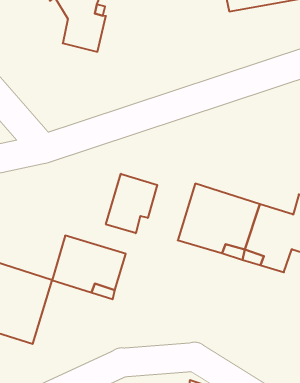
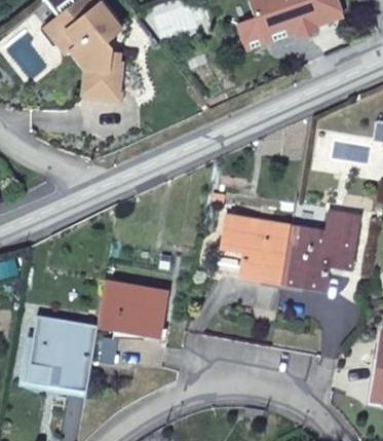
building: [106,174,157,233] -> none

